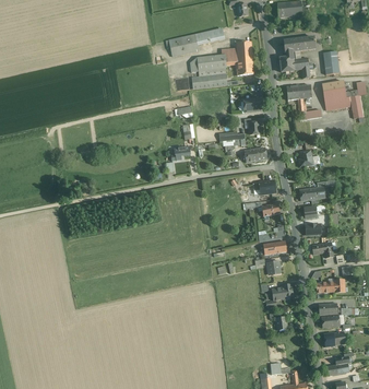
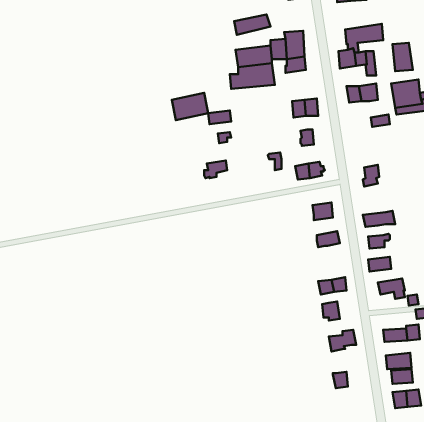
building: [169,34,199,56] -> [172,93,208,120]

